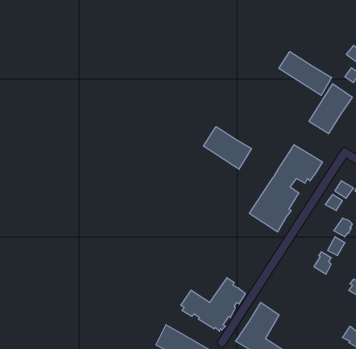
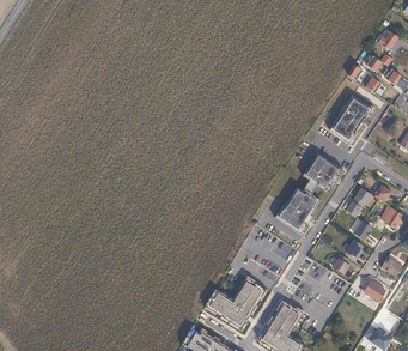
building: [279,52,332,95] -> none
building: [203,127,251,169] -> none

